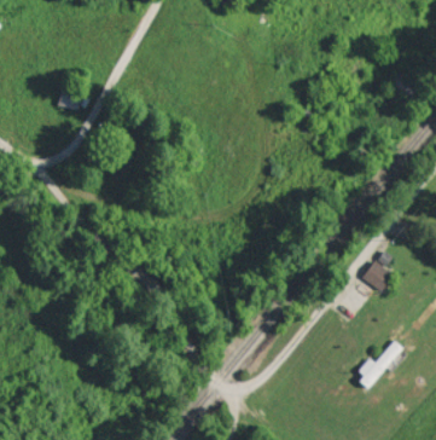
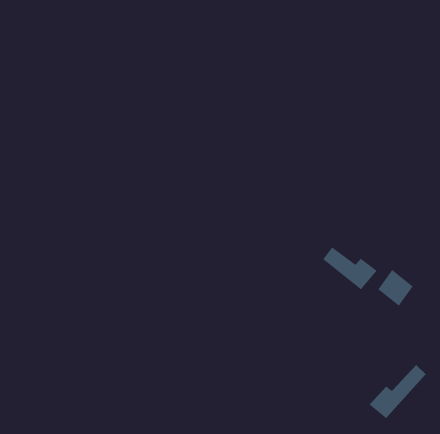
building: none -> [322,247,377,290]

